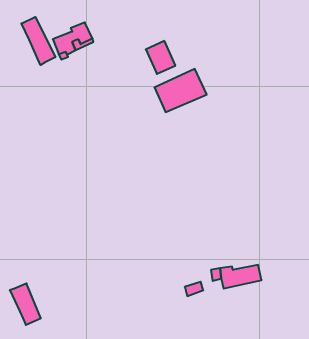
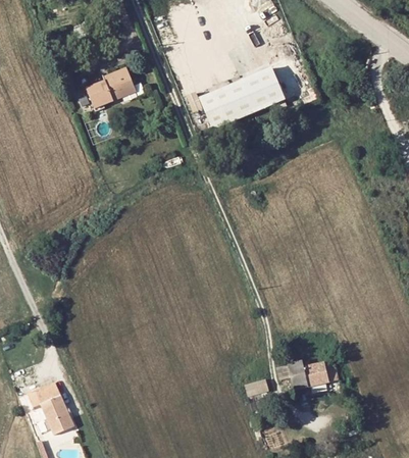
building: [21,17,55,65] -> none
building: [154,69,207,112] -> [220,66,284,118]

